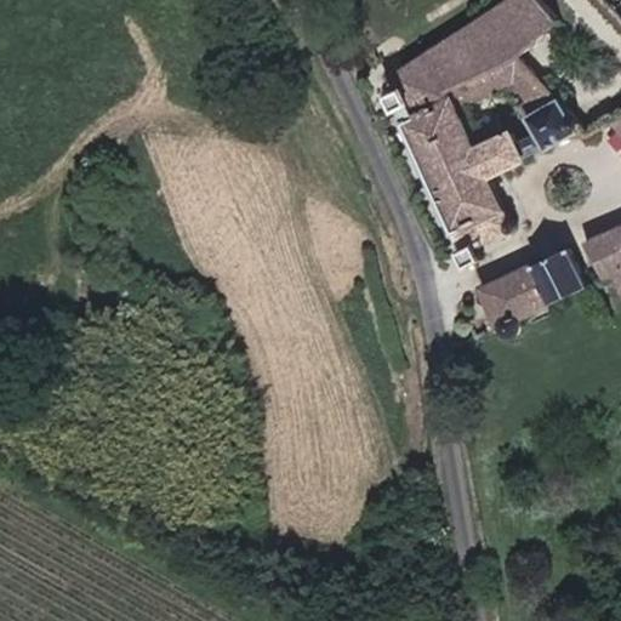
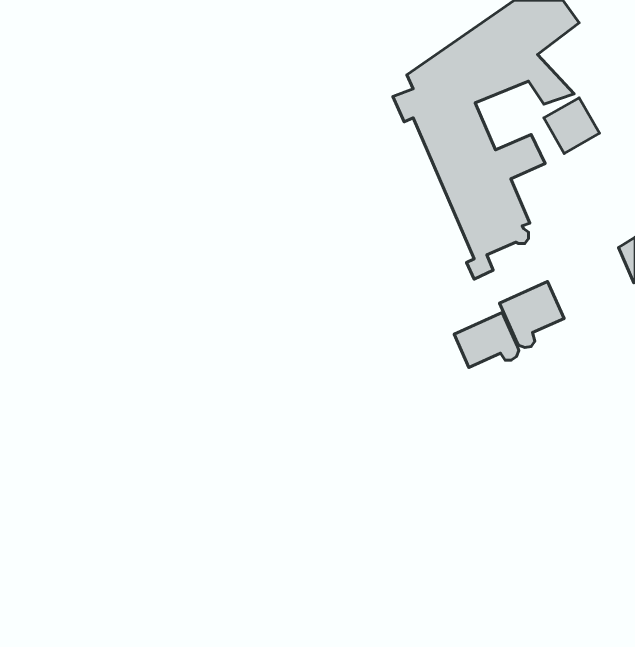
building: [524,255,576,306] -> none
building: none -> [454,313,519,367]

